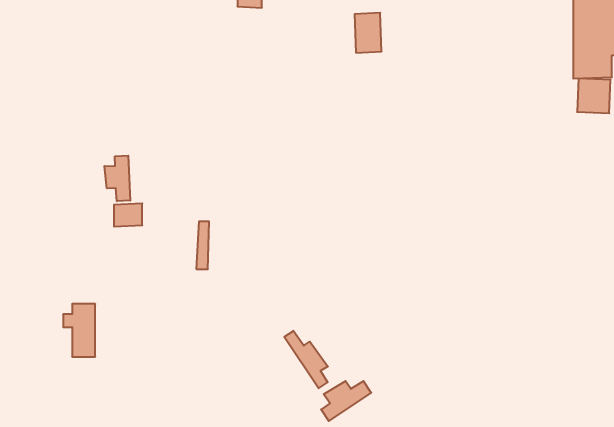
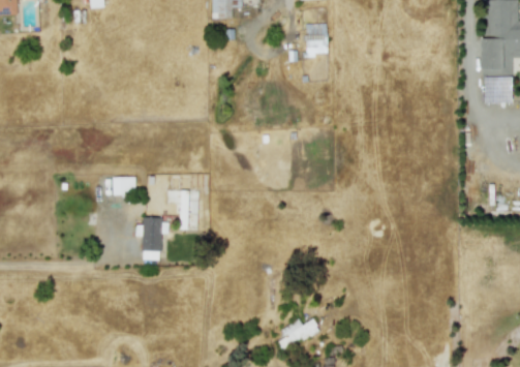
building: [104,156,130,201] -> none
building: [63,304,95,357] -> [135,217,161,259]
building: [284,331,328,388] -> none

